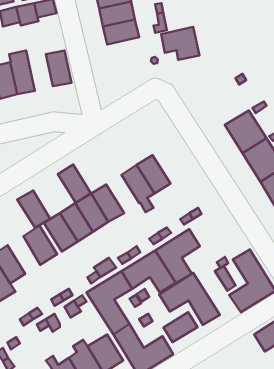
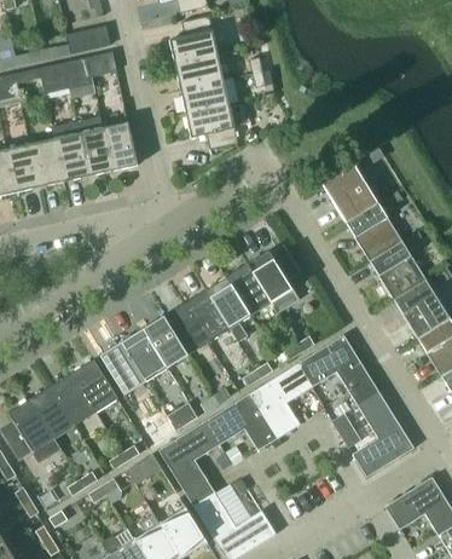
building: [161,27,200,60] -> [186,104,238,149]
building: none -> [76,116,112,177]
building: none -> [321,163,378,223]
building: none -> [248,244,301,313]
building: [58,164,91,203] -> [185,290,230,342]
building: [17,190,50,228] -> [51,374,95,425]
building: [159,273,220,325] -> [297,335,379,405]
building: [163,312,197,342] -> none

